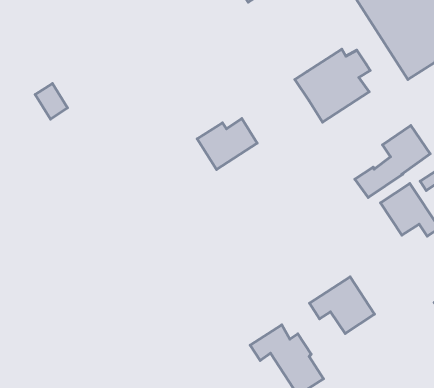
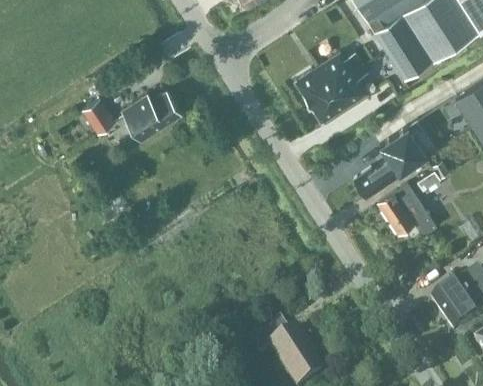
building: [35,83,68,119] -> [84,97,116,132]
building: [197,119,257,170] -> [123,89,182,139]
building: [309,277,374,334] -> none

